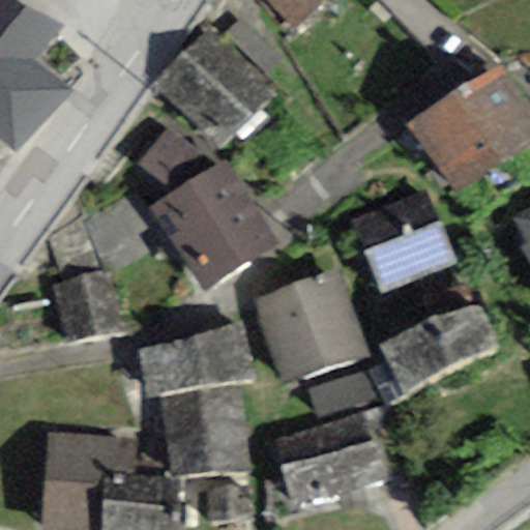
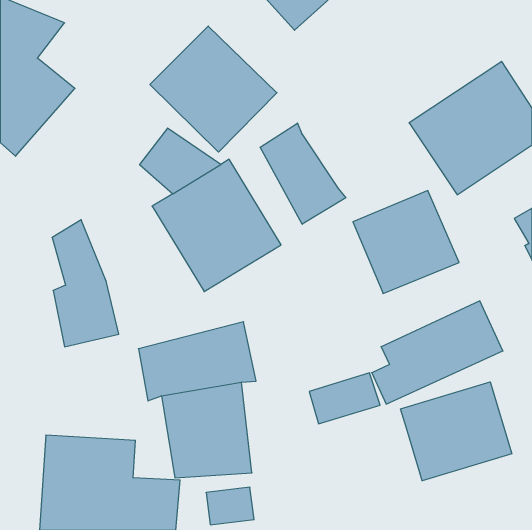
building: none -> [260,123,346,224]
building: [254,269,370,387] -> none
building: none -> [400,382,512,481]
building: [272,412,385,505] -> none

